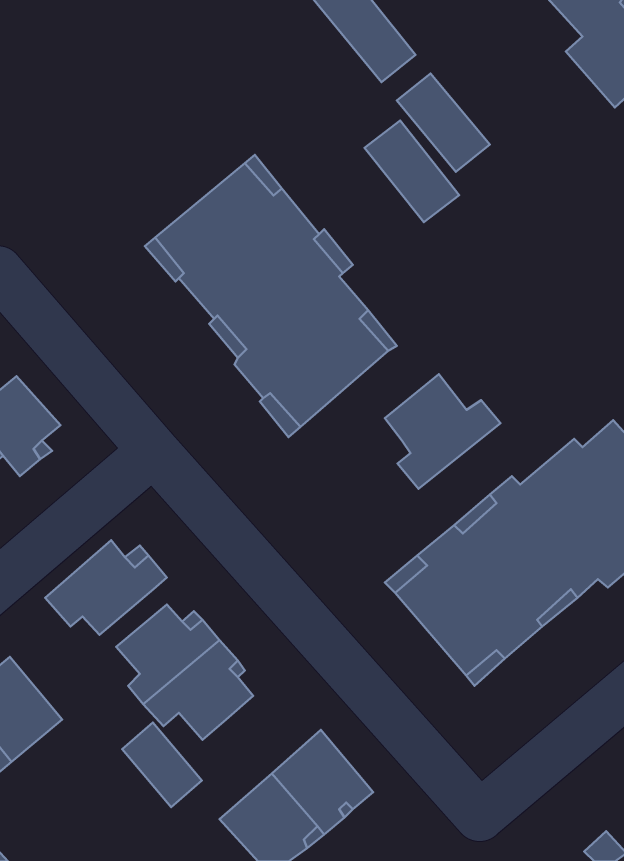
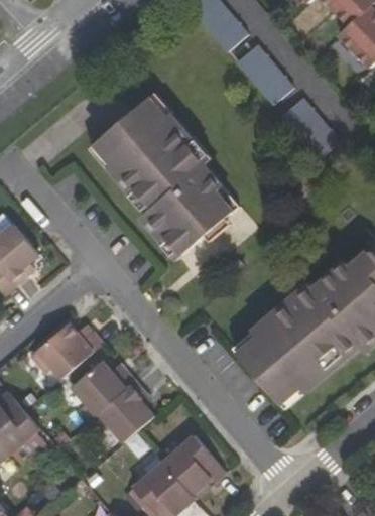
building: [365,121,459,222] -> [281,98,338,158]
building: [385,374,500,489] -> none
building: [122,722,202,807] -> none

